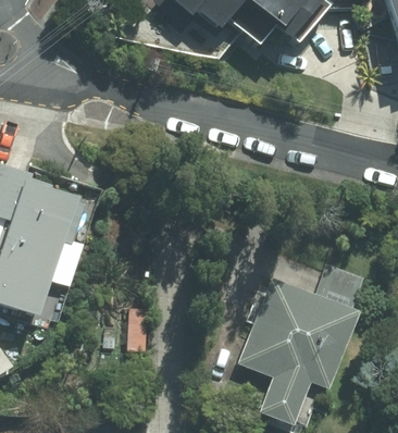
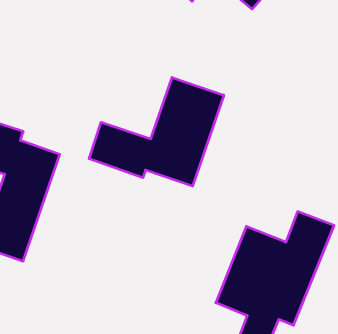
building: none -> [89,77,224,186]

